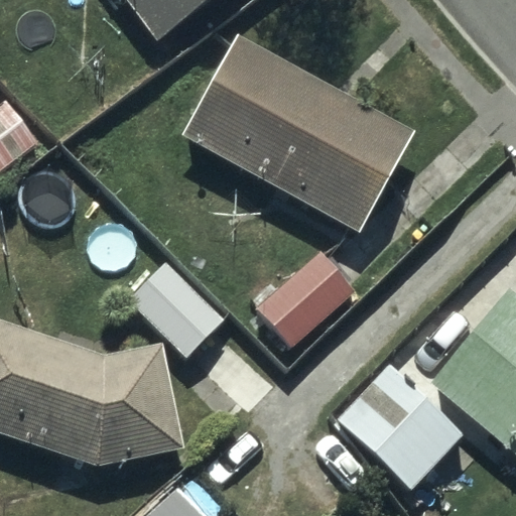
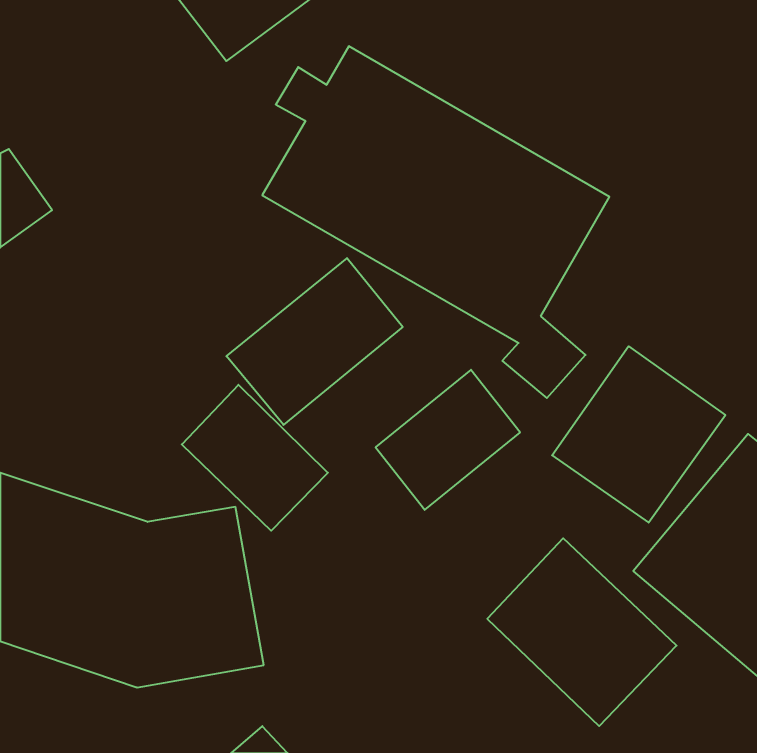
building: none -> [226,258,403,425]
building: none -> [552,346,725,523]

